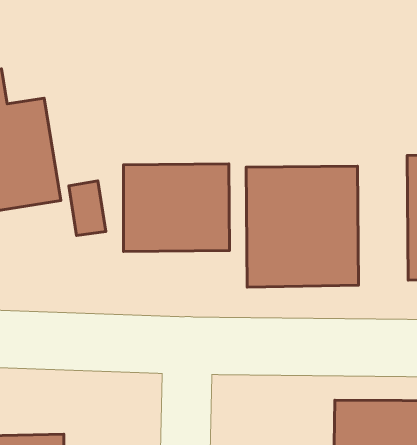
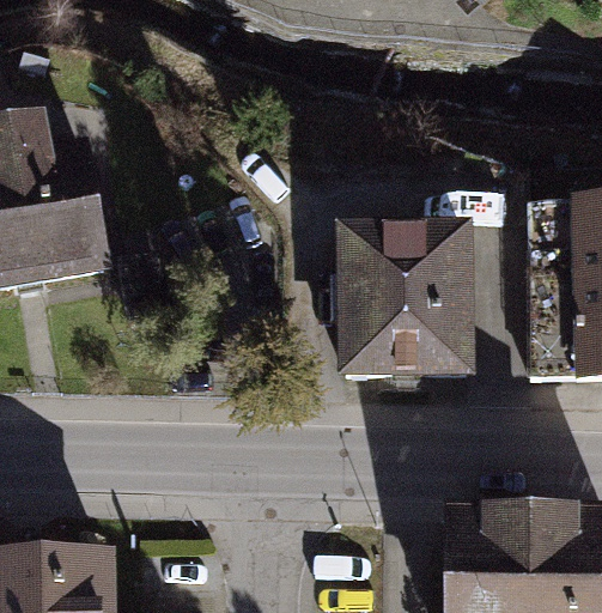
building: [123,164,229,252] -> none

